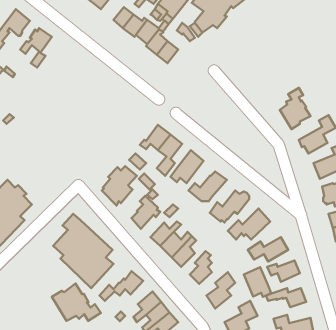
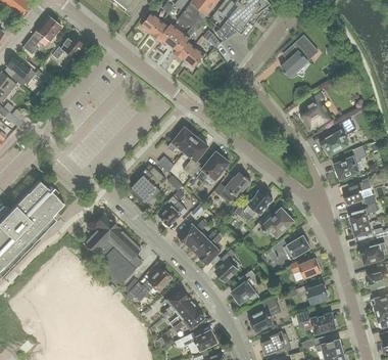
building: none -> [281,36,319,80]
building: [244,267,271,297] -> none
building: [52,284,101,321] -> none

